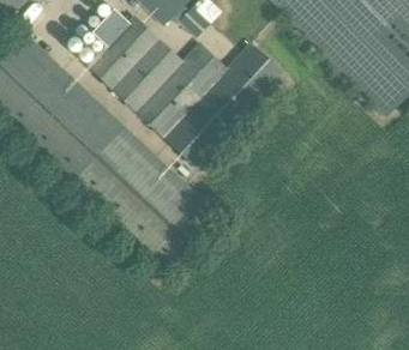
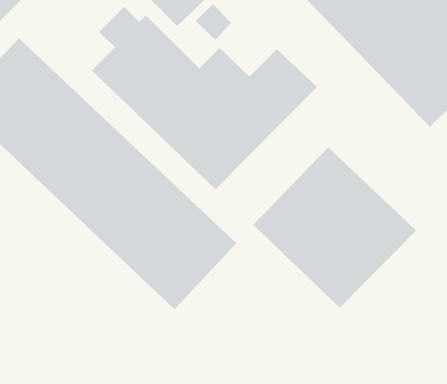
building: none -> [252,147,417,308]

